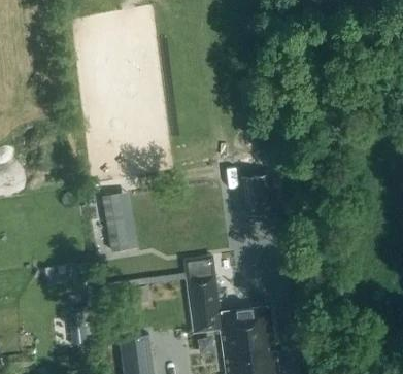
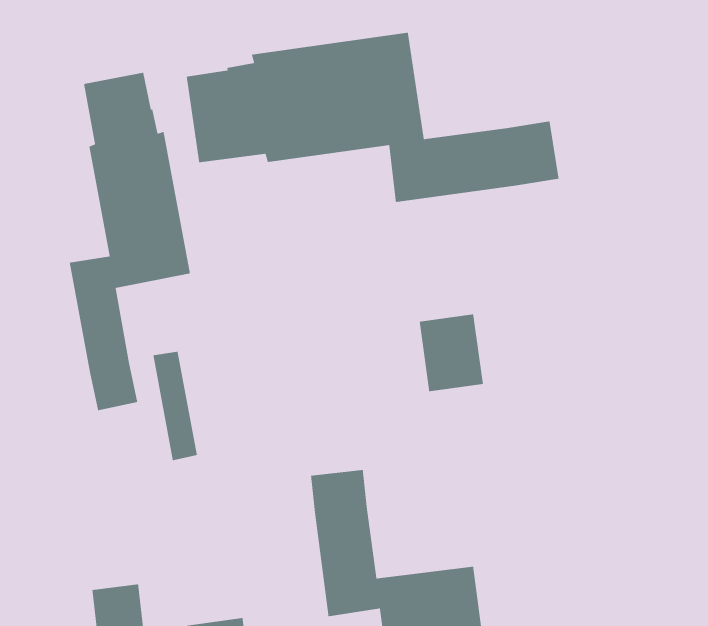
building: none -> [186,32,559,203]
building: none -> [69,72,191,411]

